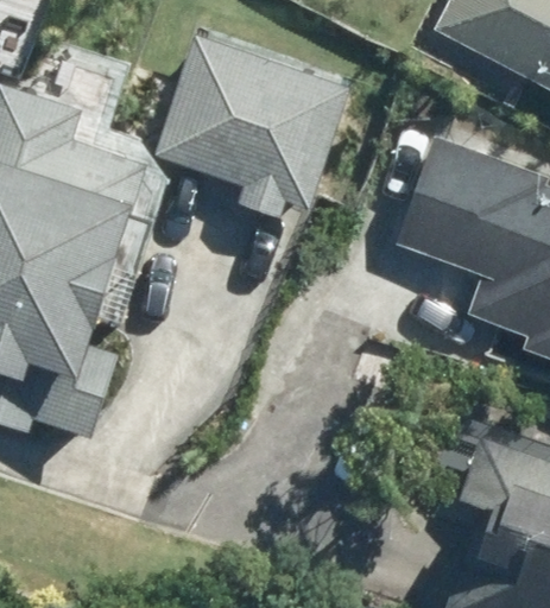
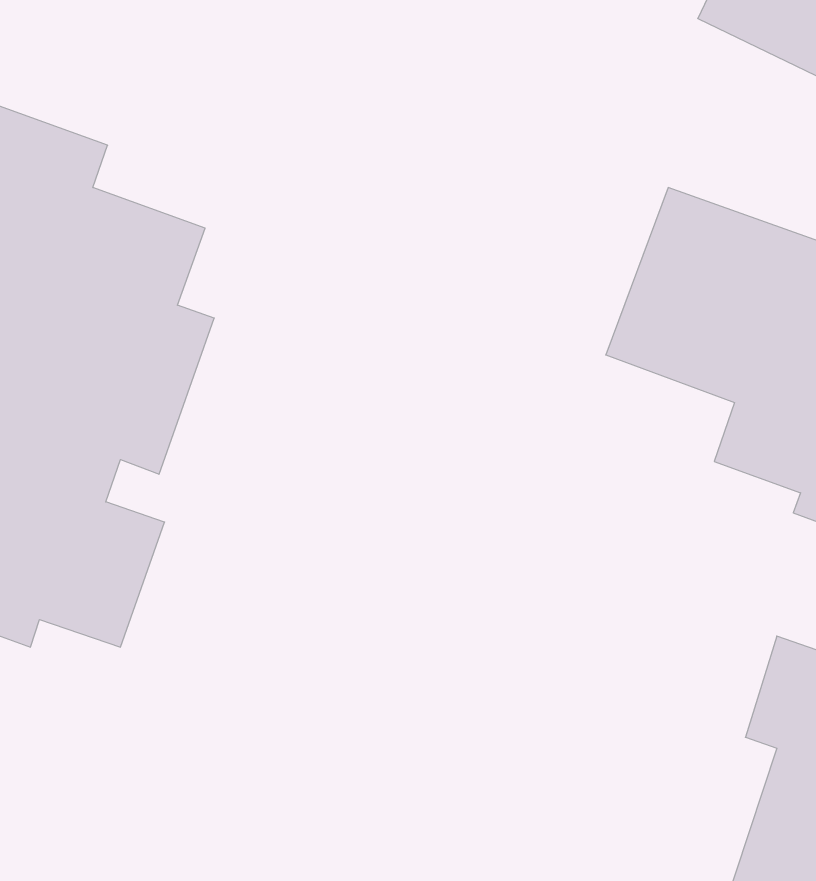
building: [153,34,342,216] -> none

